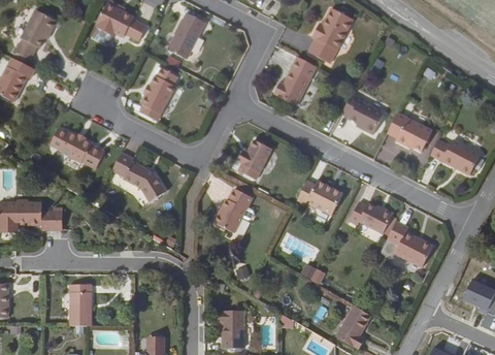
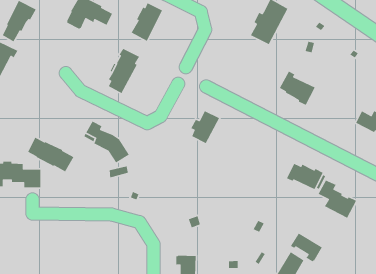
building: [273,57,317,105] -> none
building: [387,112,432,151] -> none
building: [50,127,105,169] -> [27,137,74,172]
building: [297,181,342,215] -> none
building: [213,188,252,233] -> none
building: none -> [290,233,323,262]
building: [69,284,92,325] -> none

